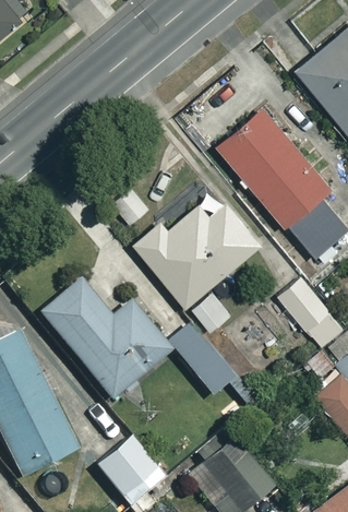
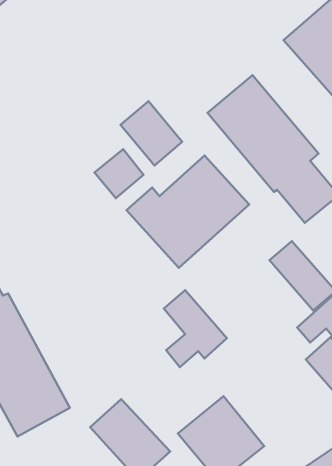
building: none -> [121,101,182,165]
building: [38,283,169,401] -> none

